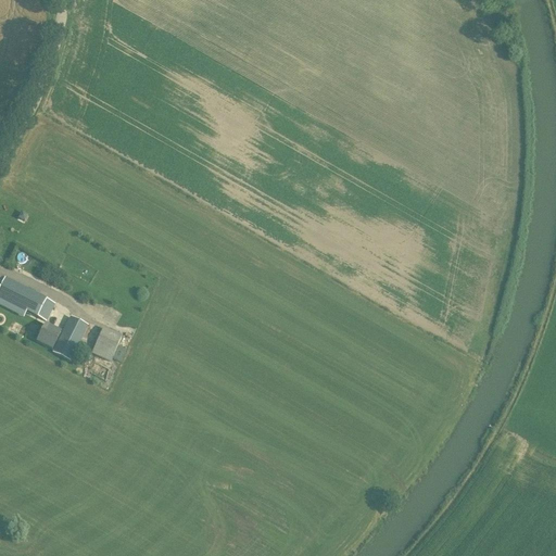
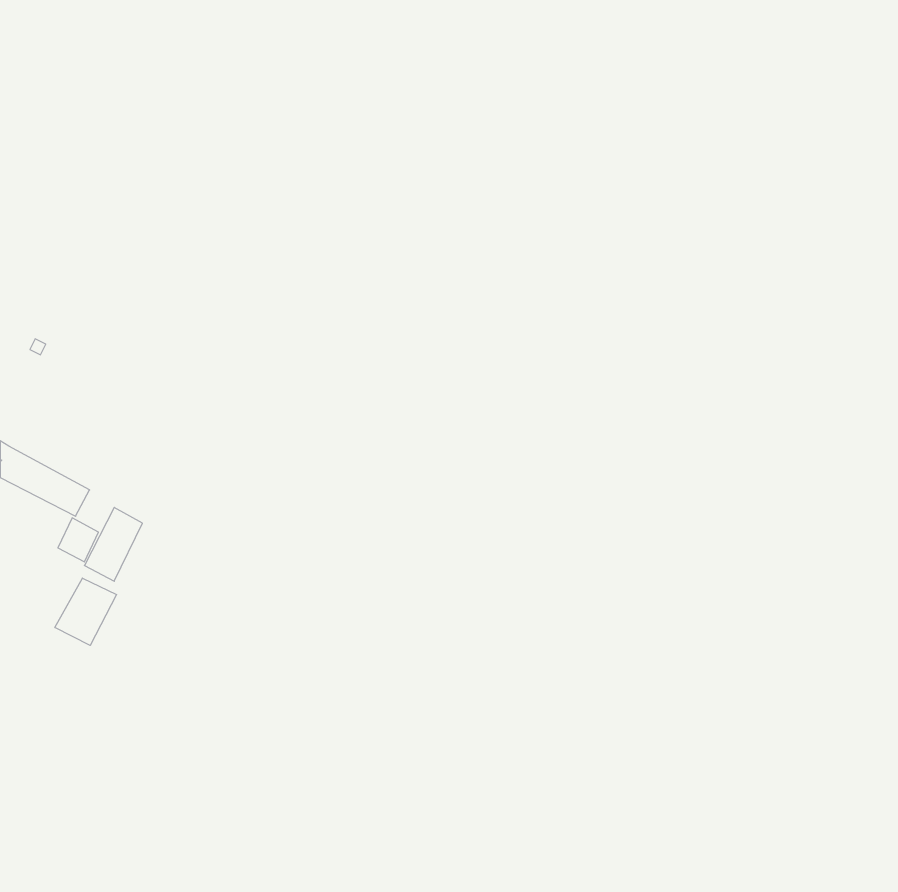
building: [91,326,126,361] -> none
building: none -> [55,578,117,645]

